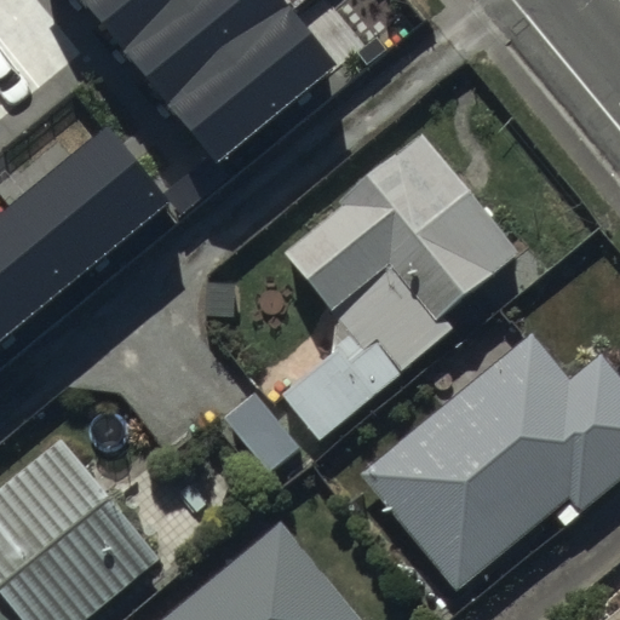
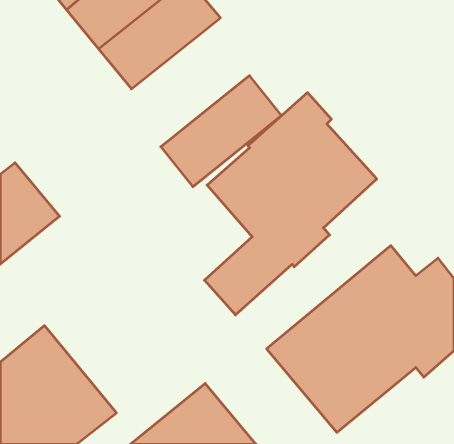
building: [179,24,344,176] -> [161,76,282,187]
building: [21,143,177,294] -> none

